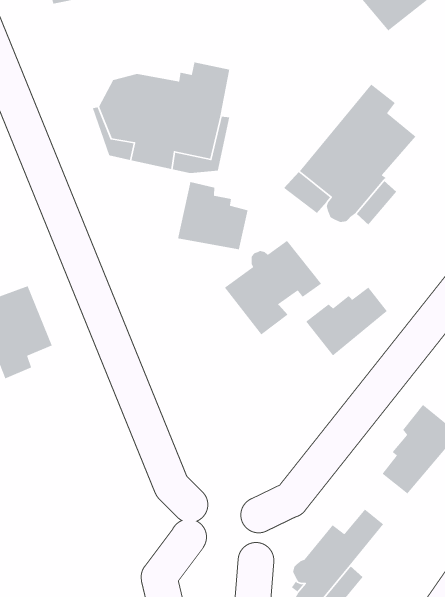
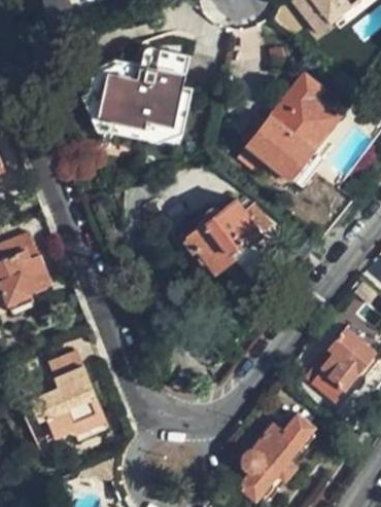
building: [177,181,249,250] -> none
building: [305,286,388,357] -> none
building: none -> [27,351,108,451]

